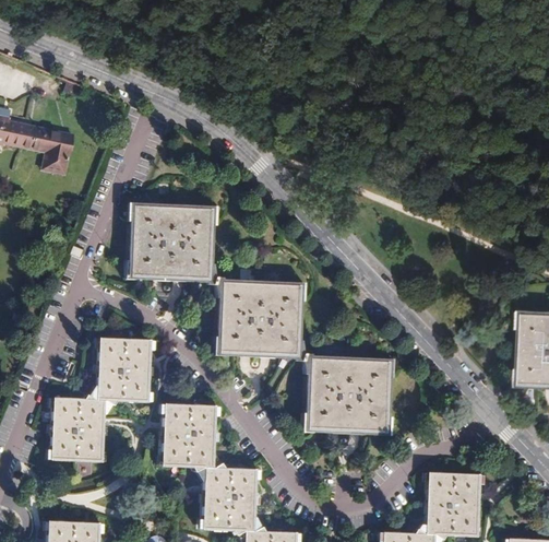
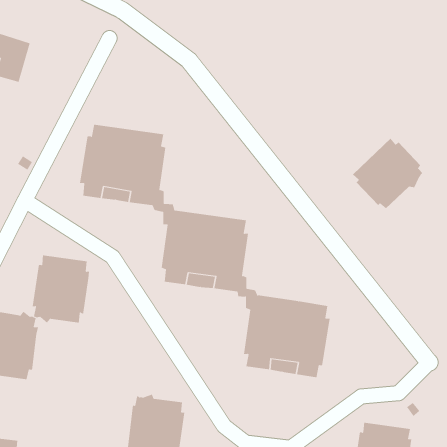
building: none -> [352,138,423,209]
building: [163,404,216,471] -> none

